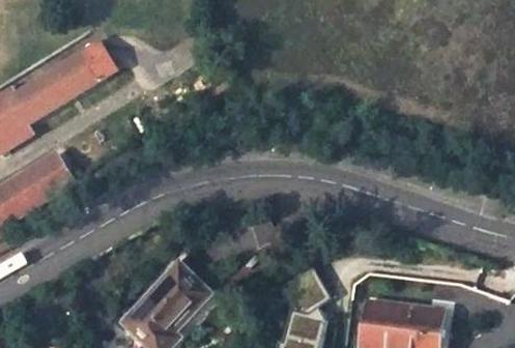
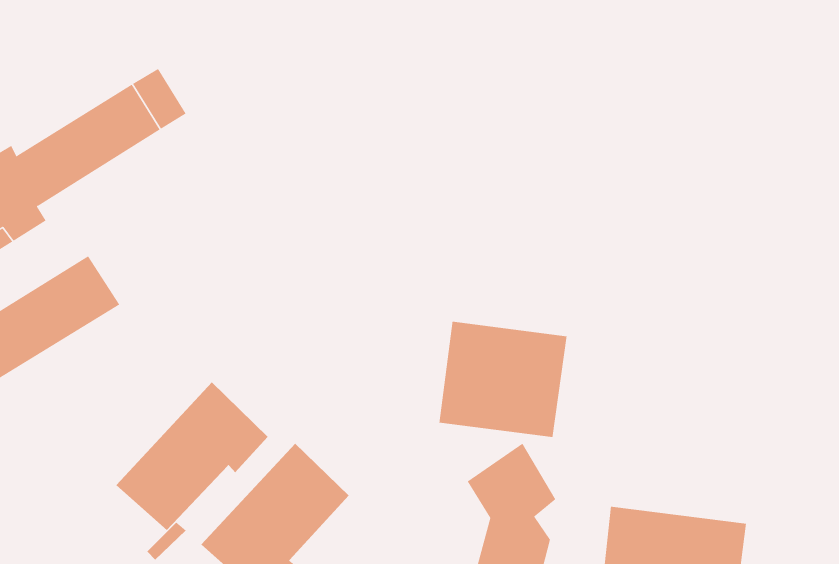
building: none -> [439,321,567,438]
building: none -> [116,382,268,531]

